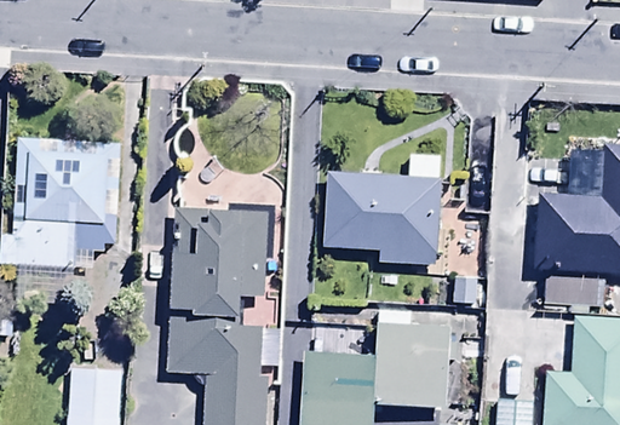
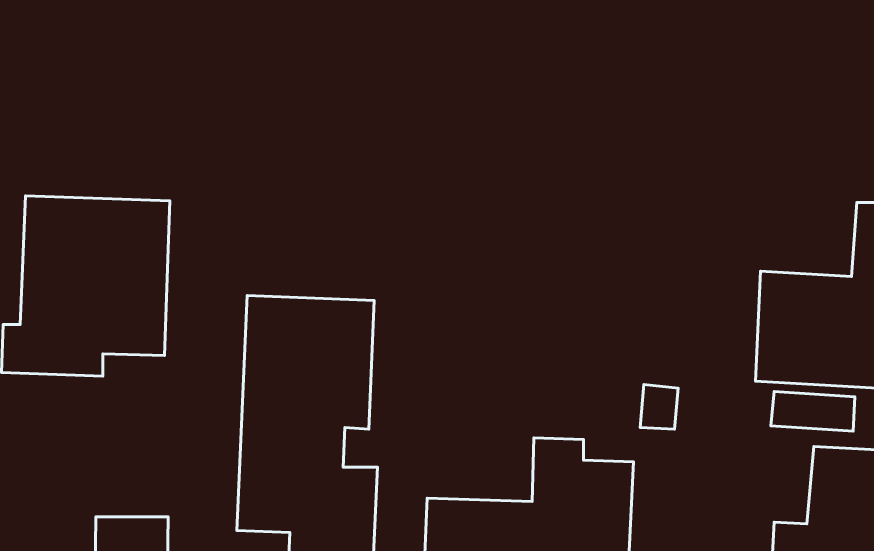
building: [325,155,442,265] -> none

